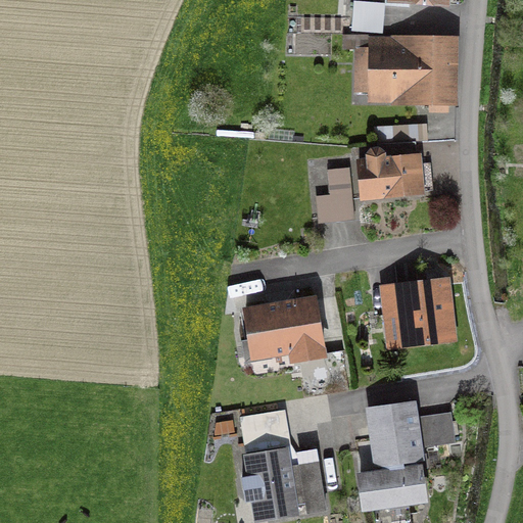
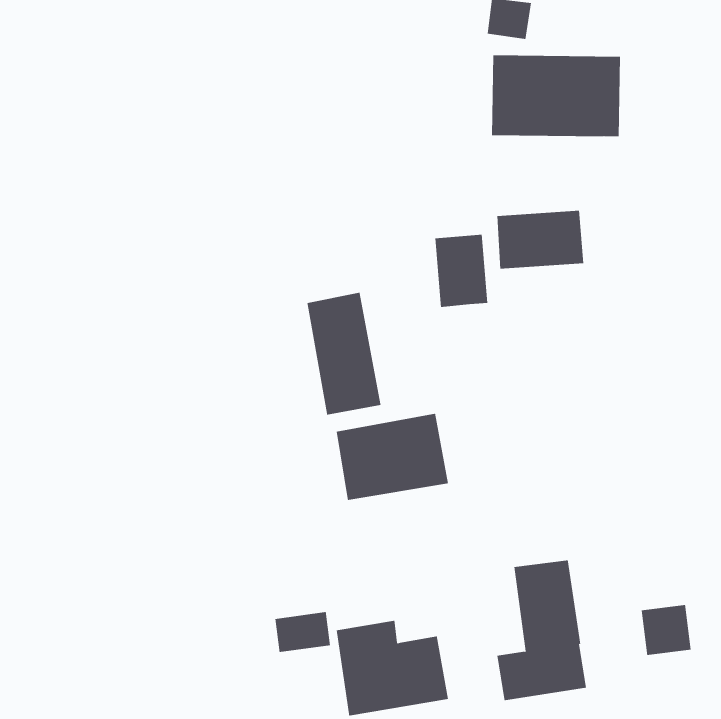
building: none -> [307,292,381,415]
building: [397,283,449,341] -> none
building: [421,411,458,447] -> [641,605,692,655]
building: [243,413,284,442] -> [274,612,331,653]

